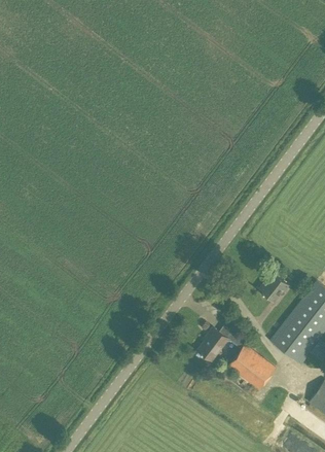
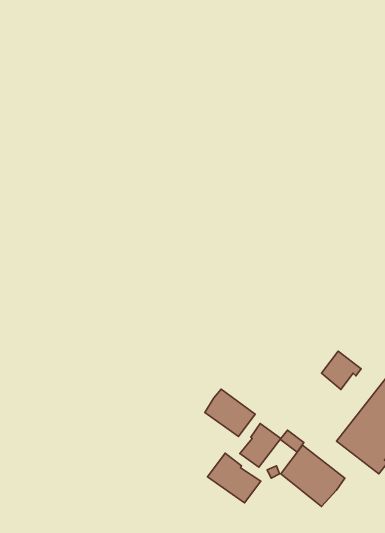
building: none -> [205,389,255,437]
building: none -> [208,453,261,503]

